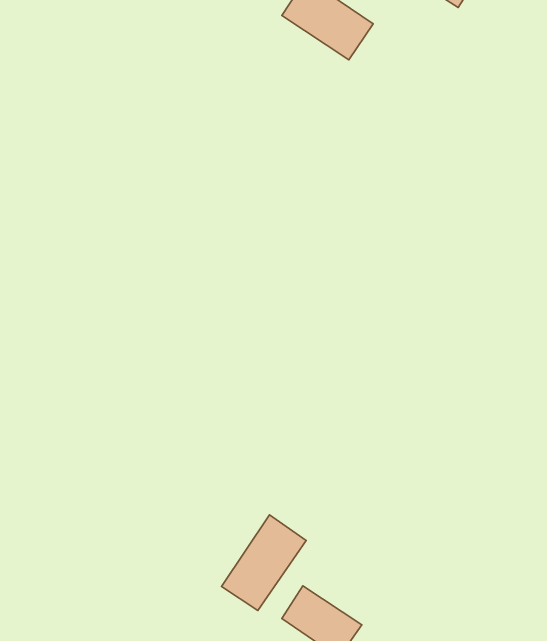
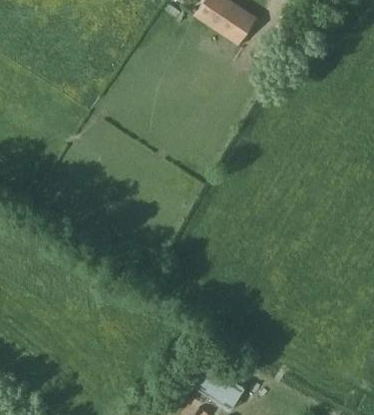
building: [222,515,306,611] -> none

